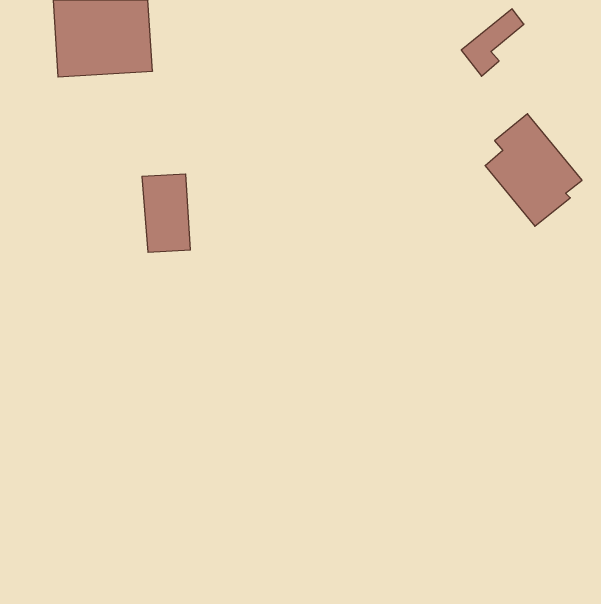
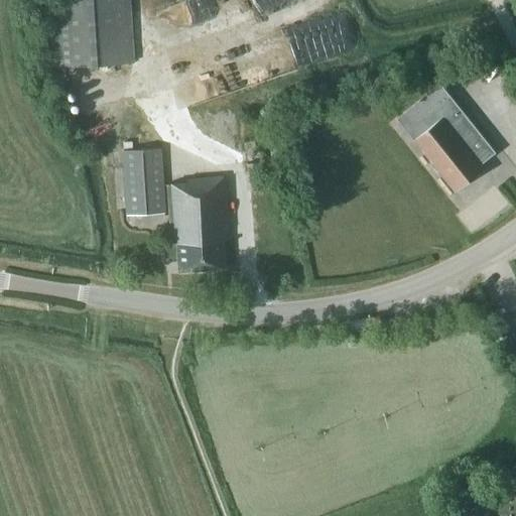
building: [461,9,524,76] -> [399,85,453,142]
building: none -> [165,178,230,271]

